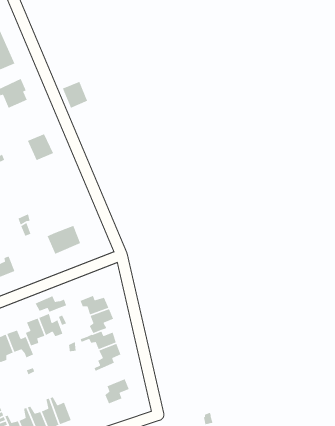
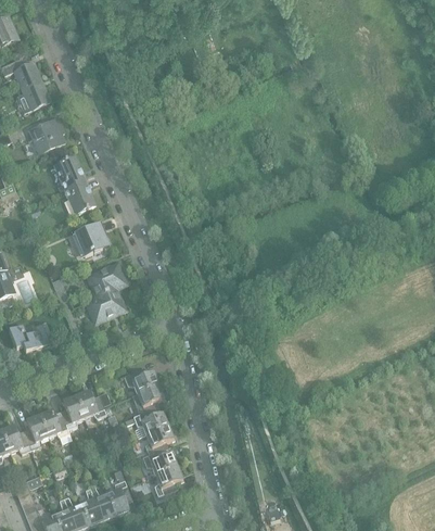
building: [62,81,88,109] -> [52,156,82,189]
building: none -> [69,223,107,254]
building: none -> [86,261,126,295]
building: [35,295,67,314] -> none
building: none -> [141,447,176,473]
building: none -> [105,467,129,514]

